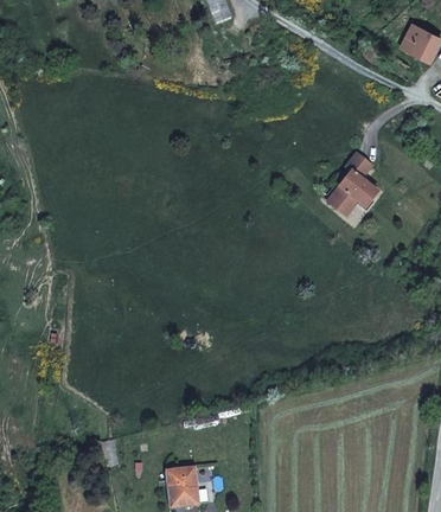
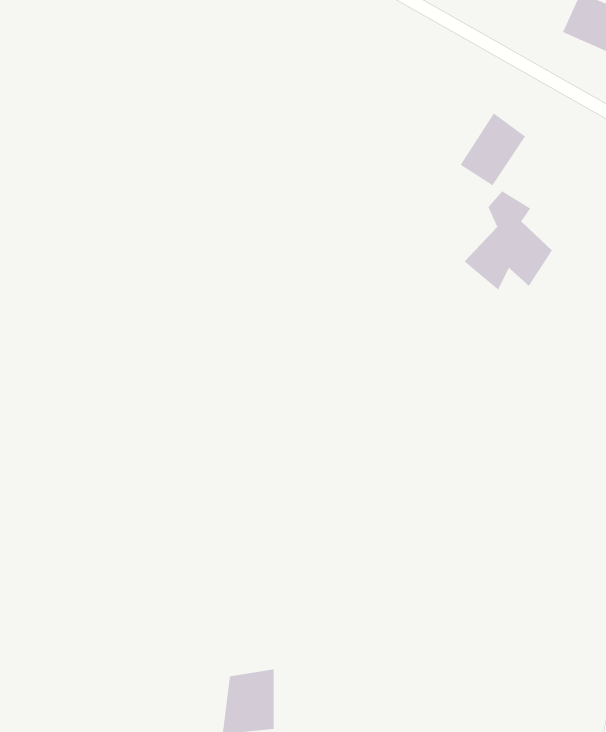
building: none -> [460,112,526,186]

